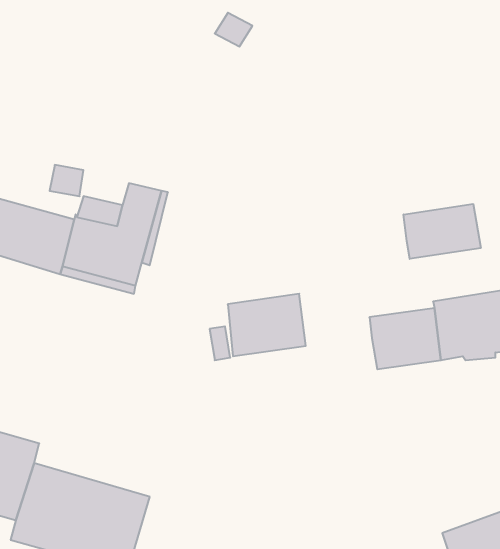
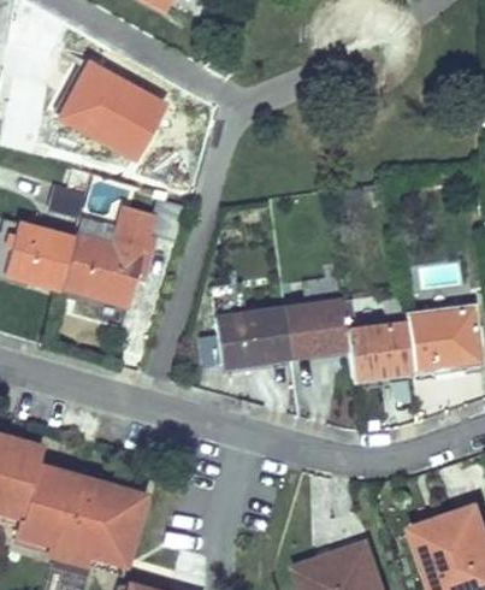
building: none -> [60,64,162,158]
building: [404,204,481,259] -> none
building: none -> [285,300,349,356]

